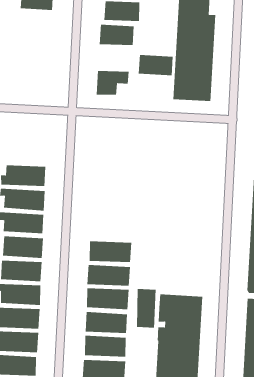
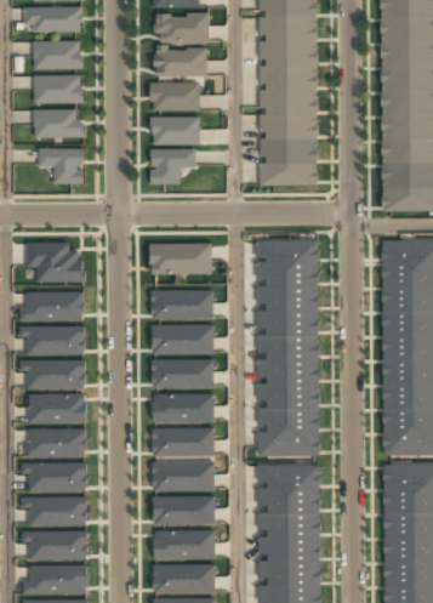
building: none -> [34,74,81,101]
building: none -> [34,109,81,137]
building: [138,55,174,76] -> [149,116,199,144]
building: none -> [38,148,82,183]
building: none -> [27,241,82,283]
building: none -> [149,243,212,274]
building: none -> [256,240,319,456]
building: none -> [150,290,213,320]
building: none -> [150,325,213,354]
building: none -> [152,360,213,388]
building: [137,288,156,328] -> none

